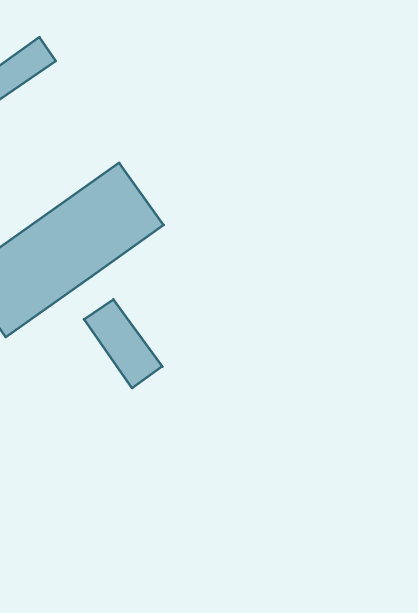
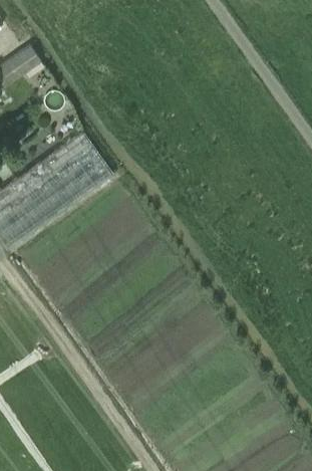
building: [84,299,162,388] -> none

